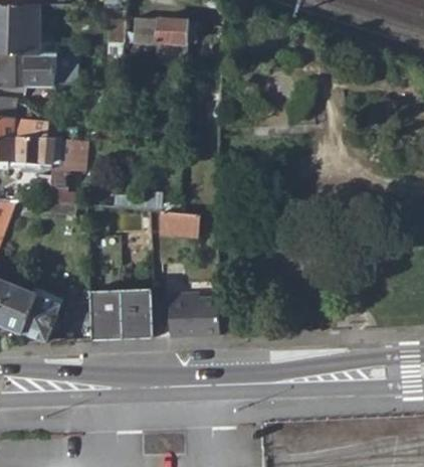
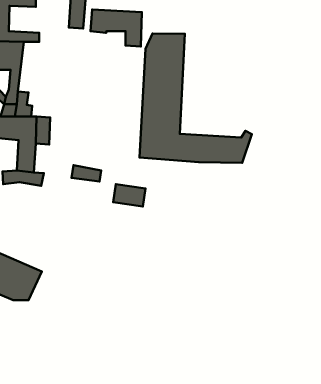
building: none -> [140,33,252,163]
building: [86,289,153,340] -> none
building: [167,294,220,337] -> none

